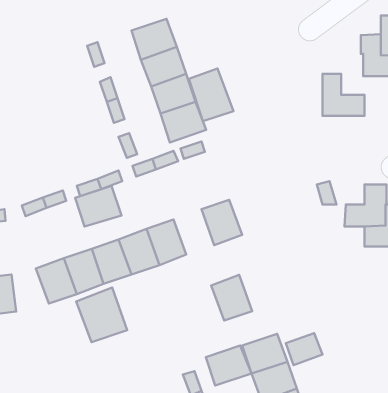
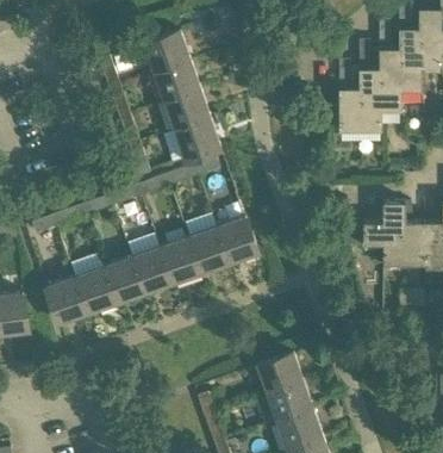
building: none -> [357,67,400,110]
building: [189,69,233,121] -> none
building: [75,186,122,227] -> none
building: [211,275,252,320] -> [186,225,227,272]
building: [76,287,127,342] -> none
building: [286,333,323,365] -> none
building: [206,345,251,385] -> none

